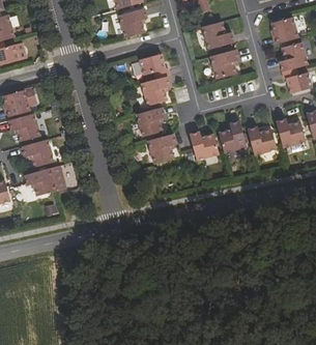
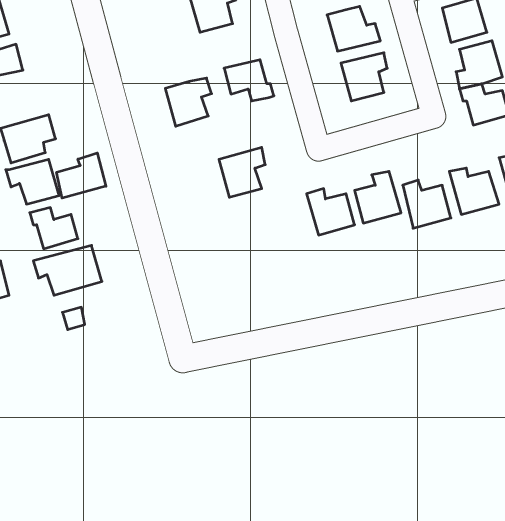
building: [142,76,170,105] -> [165,78,212,126]
building: none -> [57,153,106,198]
building: [148,133,176,162] -> none

